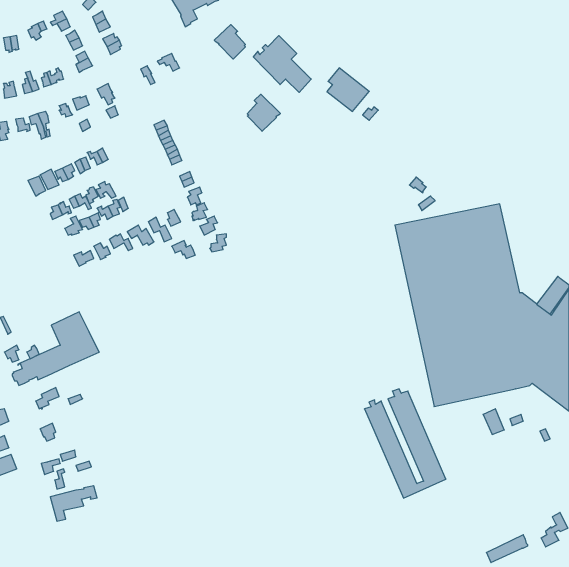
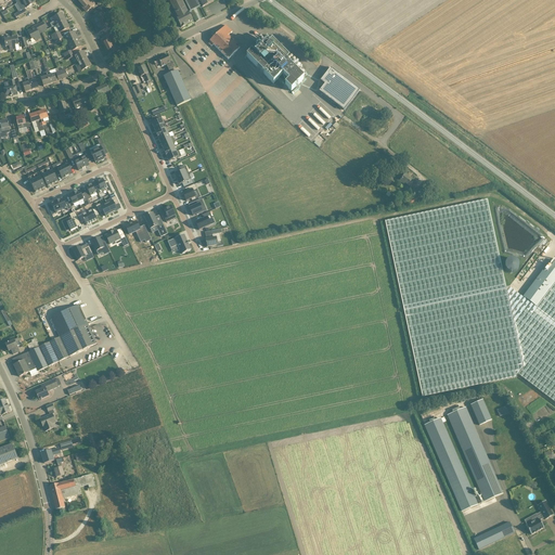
building: none -> [163,68,190,104]
building: [247,94,280,131] -> none
building: [364,389,446,498] -> [423,403,502,509]

